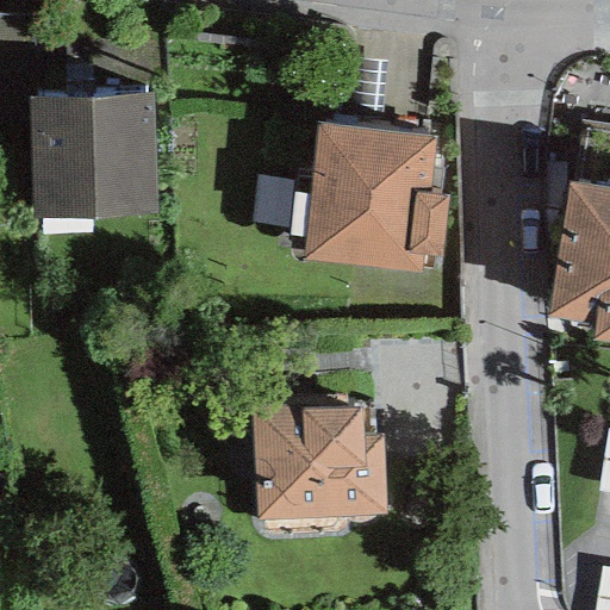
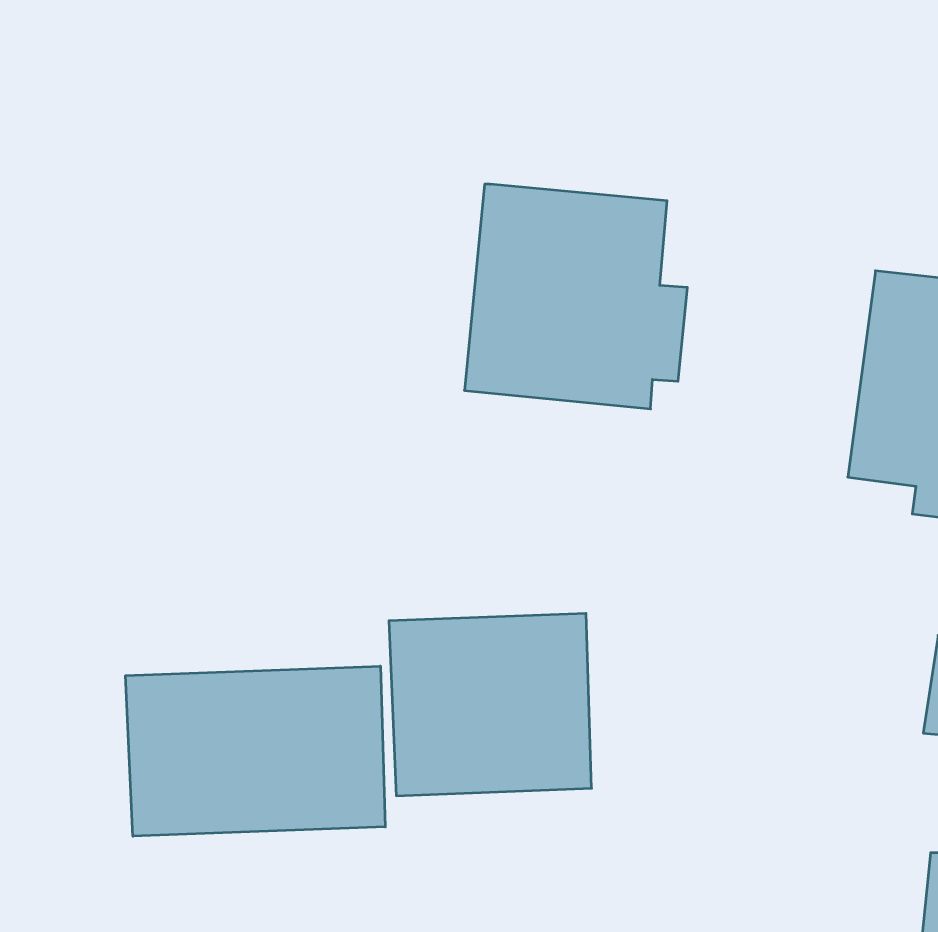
building: [30,92,156,218] -> none
building: none -> [126,666,385,836]

